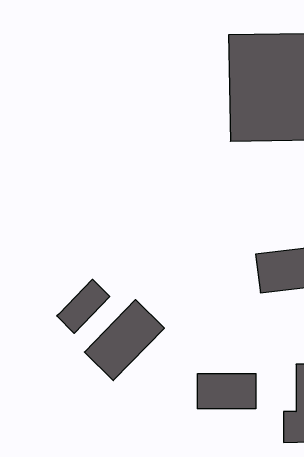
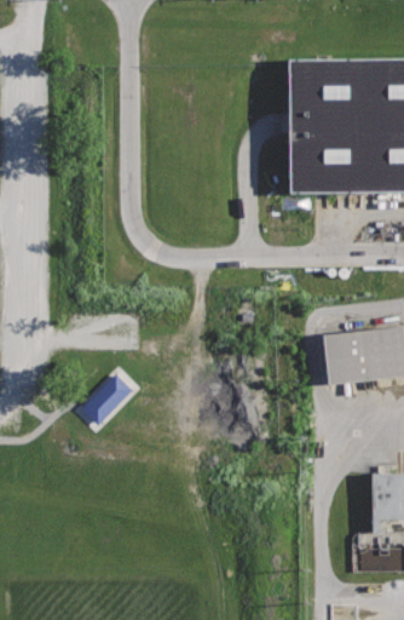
building: [84,300,164,381] -> none
building: [197,374,256,409] -> none

